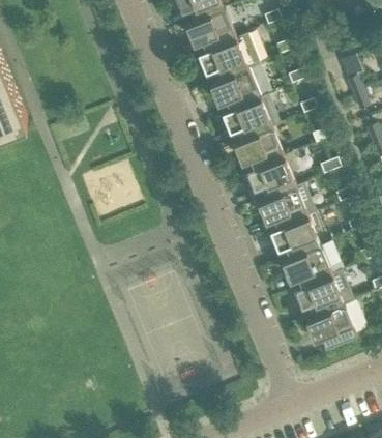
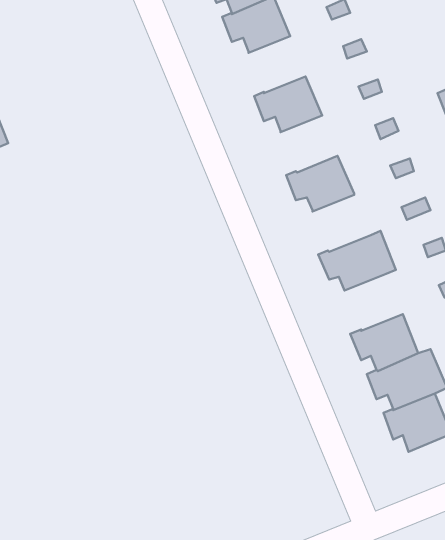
building: [197,32,260,80] -> none
building: [221,93,280,139] -> none
building: [245,151,298,198] -> none
building: [269,214,320,257] -> none

